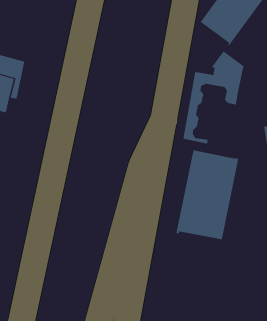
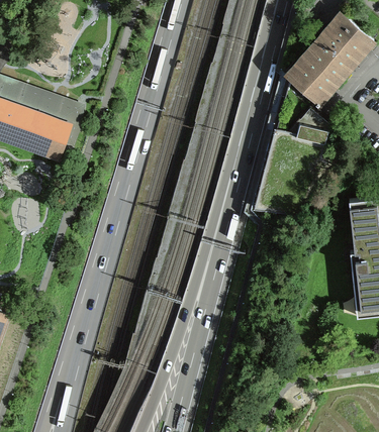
building: [176,149,239,240] -> none

